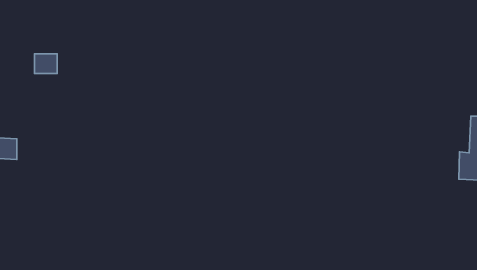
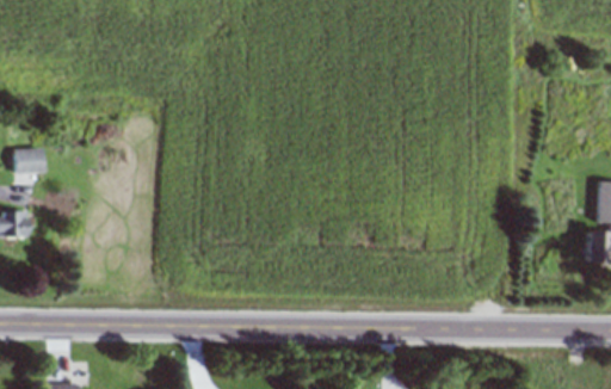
building: [35,54,57,74] -> [16,148,44,173]

